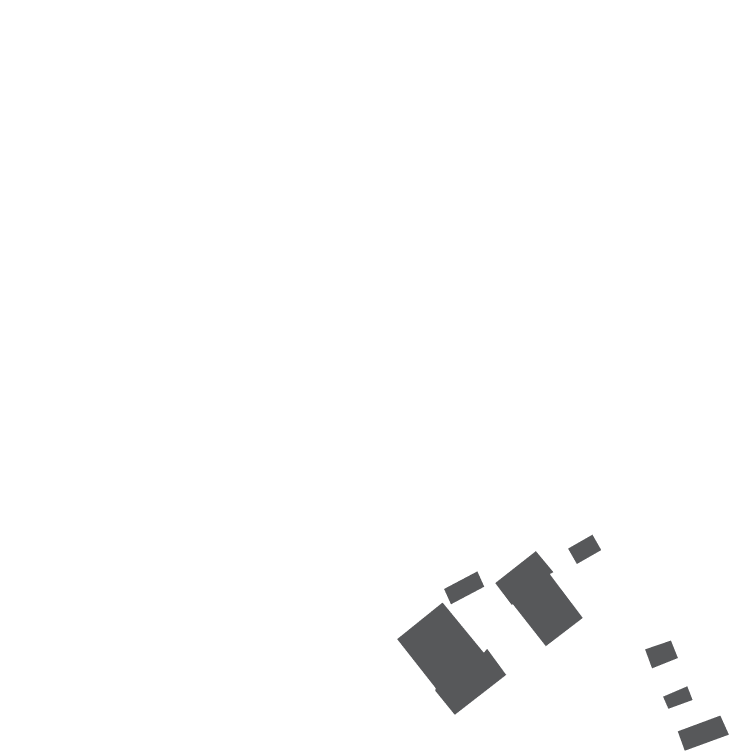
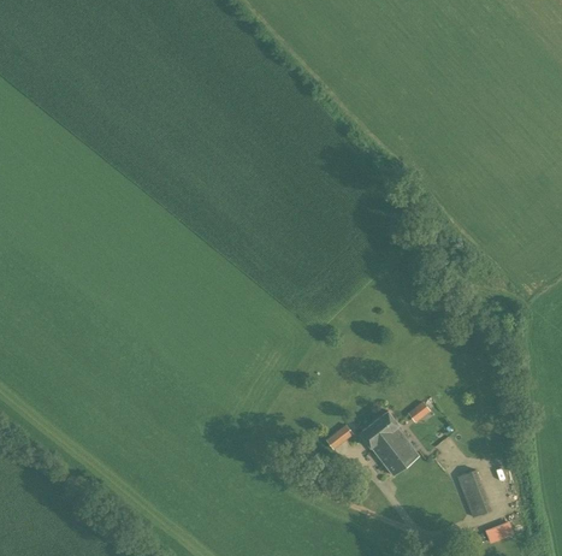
building: [396,601,507,716] -> none

